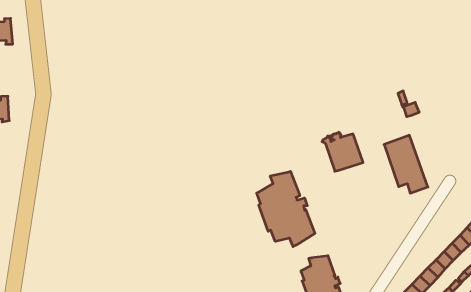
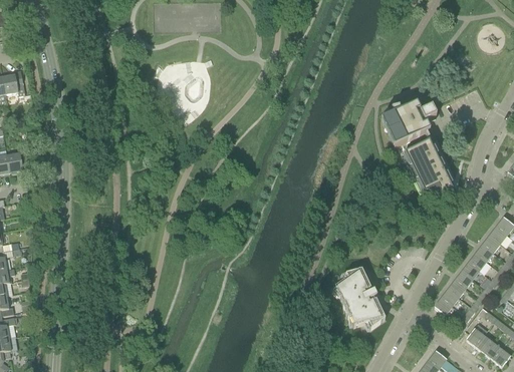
building: [322,132,363,171] -> [380,107,424,146]
building: [257,171,315,247] -> none

